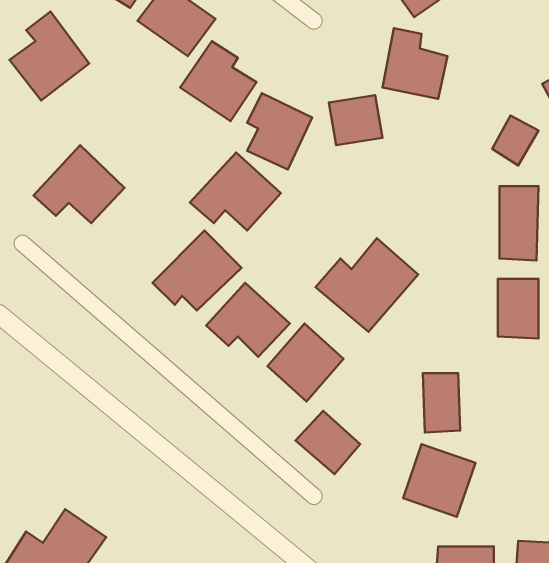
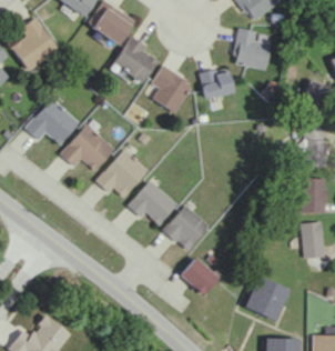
building: [190,152,281,230] -> [60,124,114,171]
building: [316,238,418,332] -> none
building: [423,373,460,432] -> [302,222,324,258]

